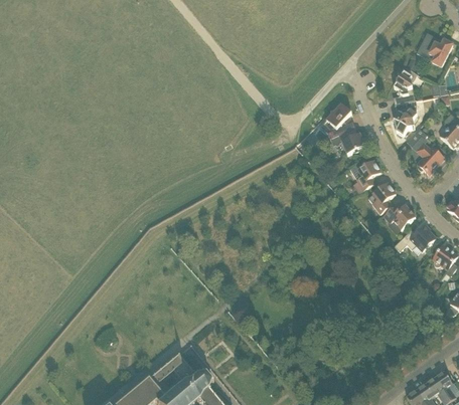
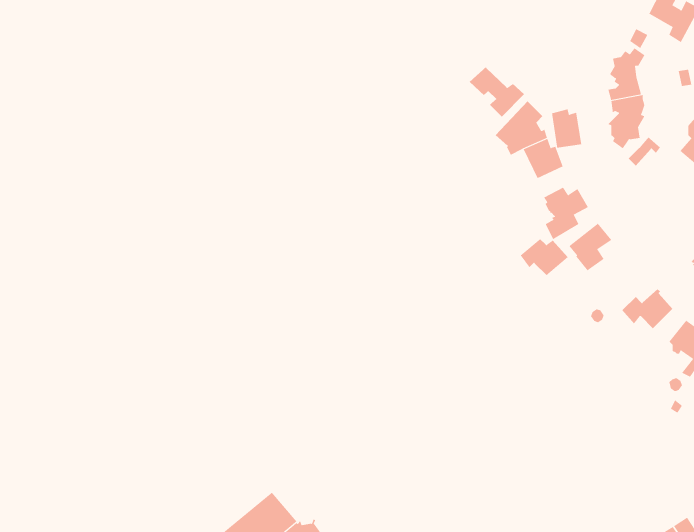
building: none -> [469,66,525,117]
building: none -> [552,108,582,148]
building: [417,143,444,174] -> none
building: [384,204,415,228] -> [520,238,568,276]

